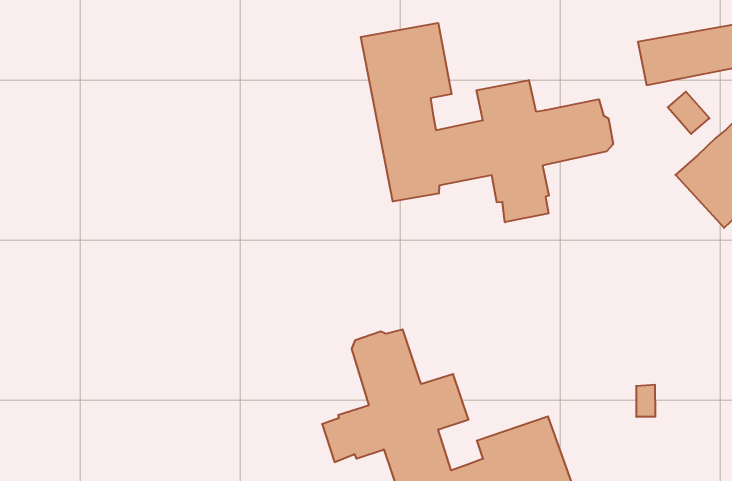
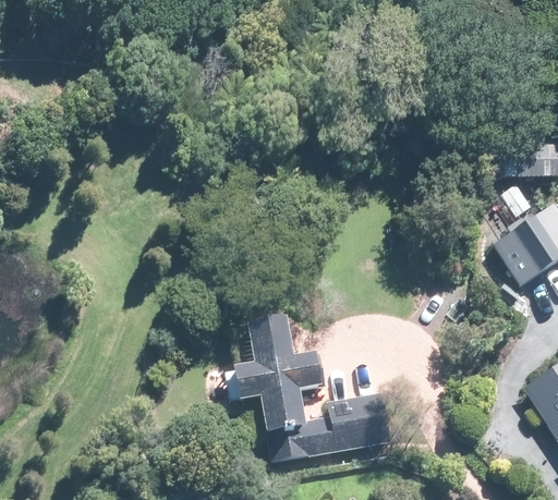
building: [361,23,613,222] -> none

